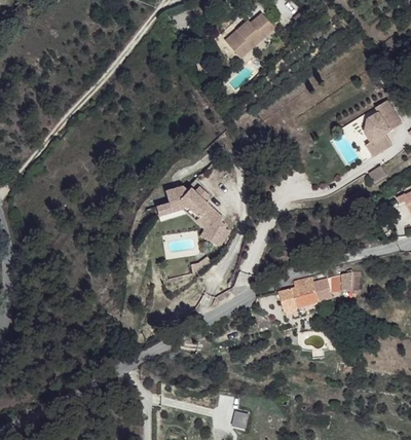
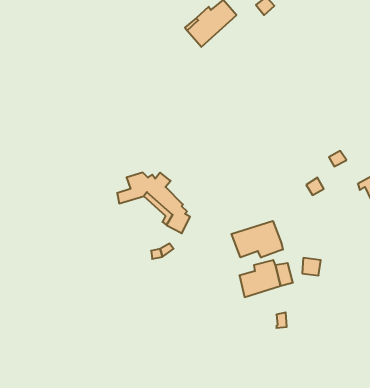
building: [366,101,402,157] -> none
building: none -> [231,221,283,258]

